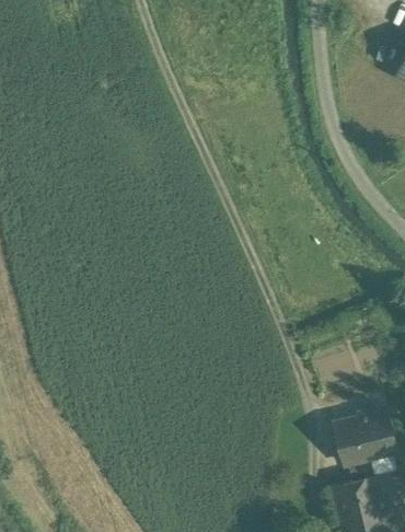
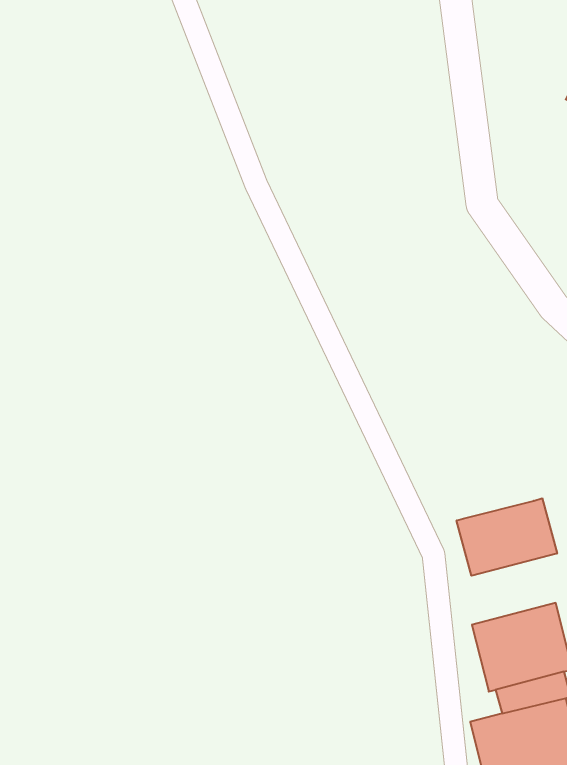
building: none -> [457,498,557,576]

